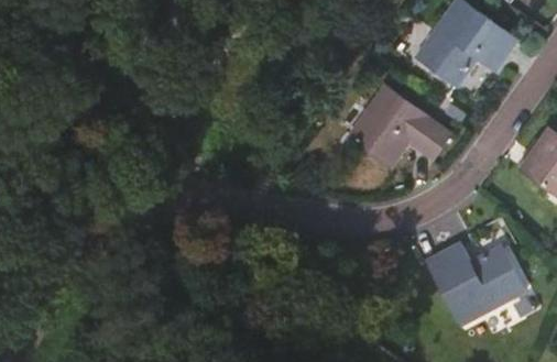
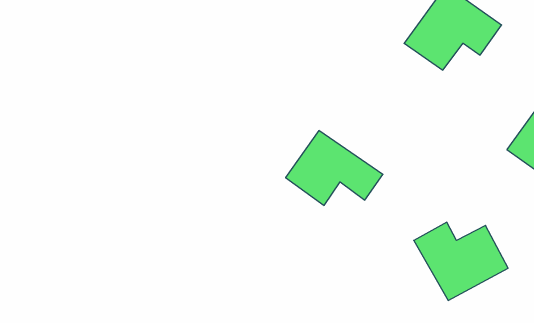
building: [350,87,450,164] -> [286,131,383,205]

